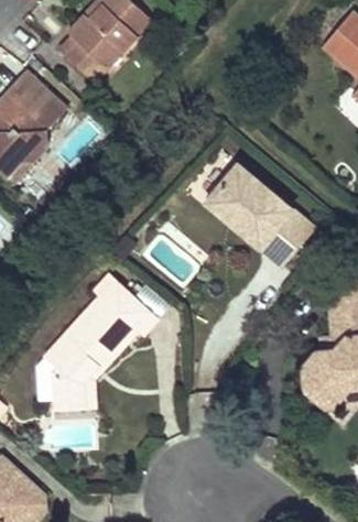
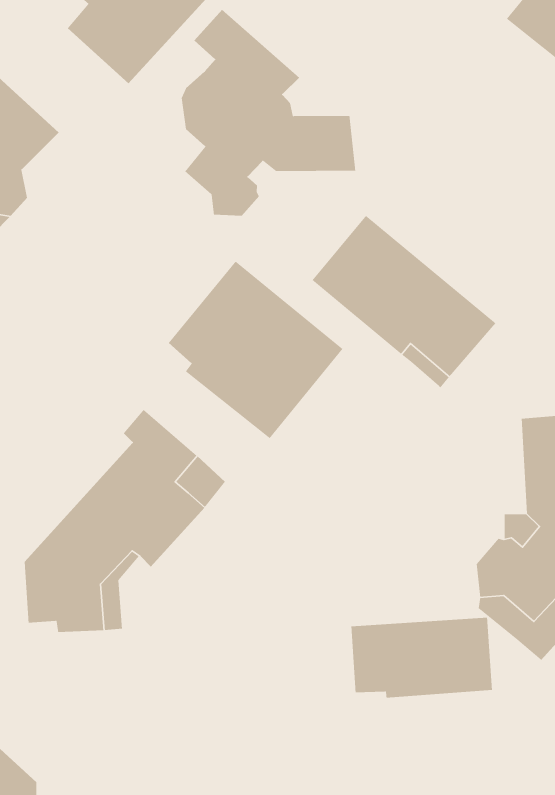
building: none -> [181,9,356,216]
building: none -> [168,260,344,439]
building: none -> [351,617,493,699]

